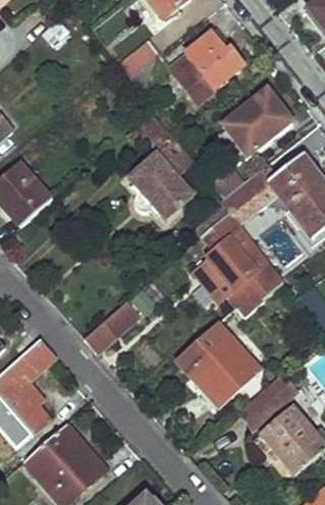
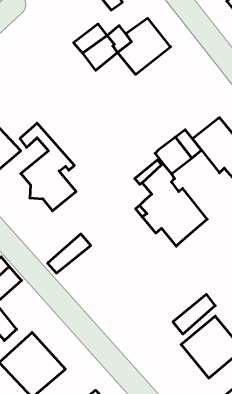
building: [223,90,292,156] -> none
building: [125,113,196,223] -> [20,123,76,211]
building: [184,332,258,407] -> none

